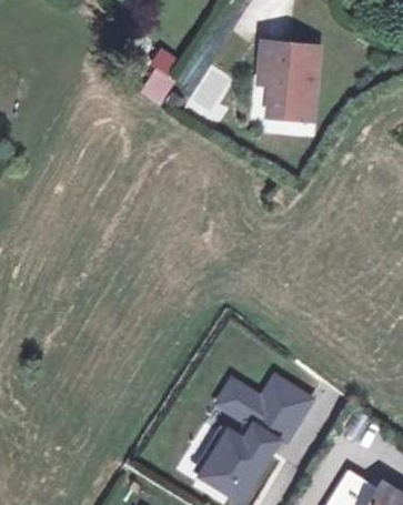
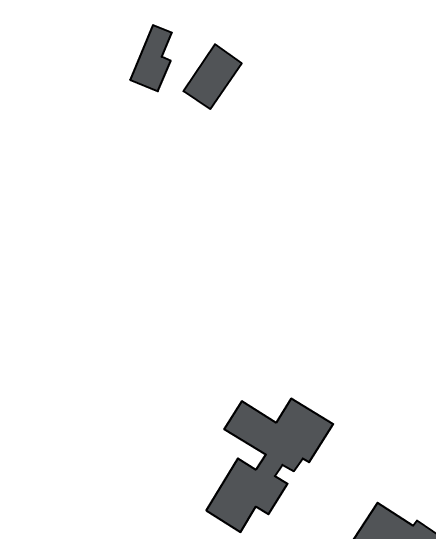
building: [261,48,321,124] -> none

